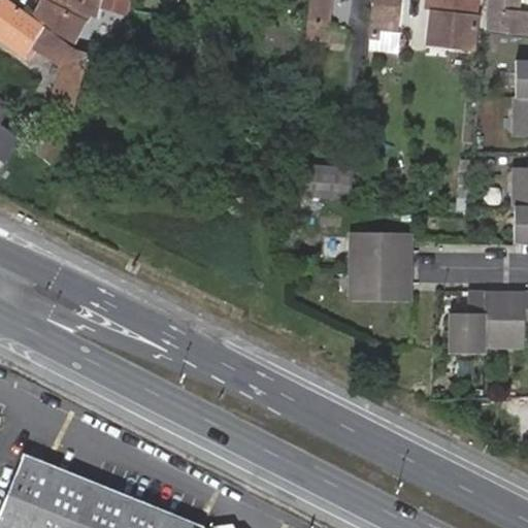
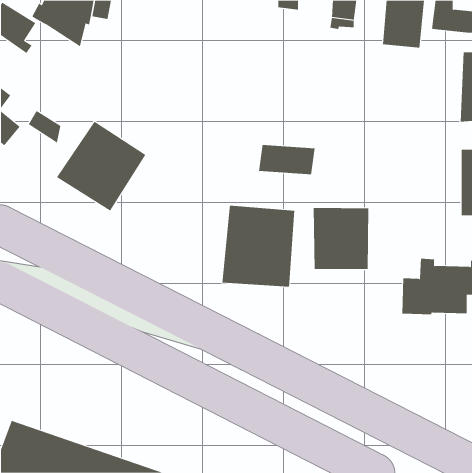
building: [29,23,91,109] -> none
building: none -> [56,121,146,212]
building: none -> [222,205,295,288]

